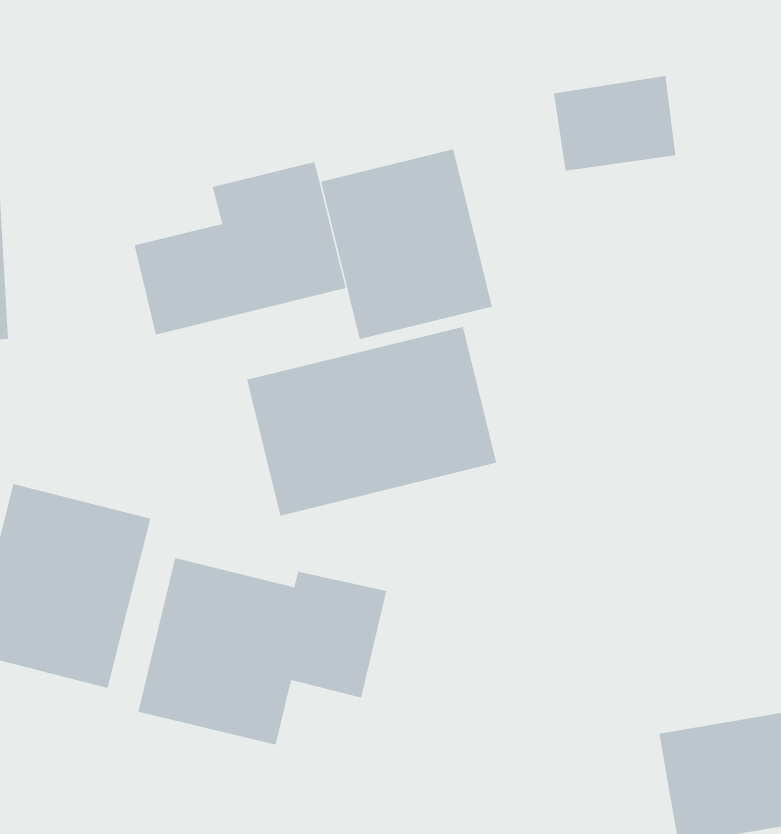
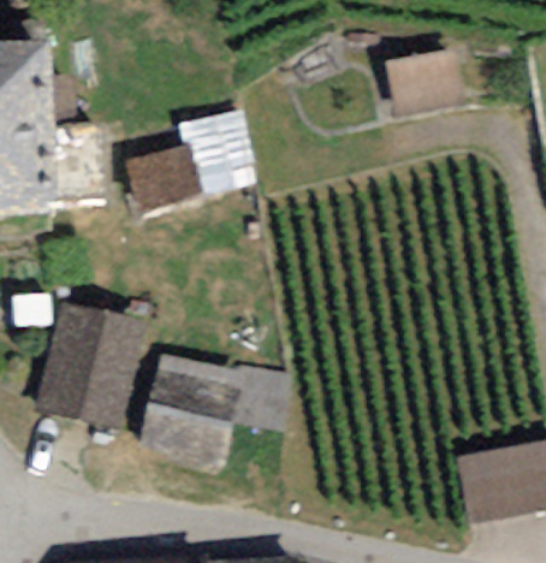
building: [321,149,492,340] -> none
building: [247,326,497,516] -> none

